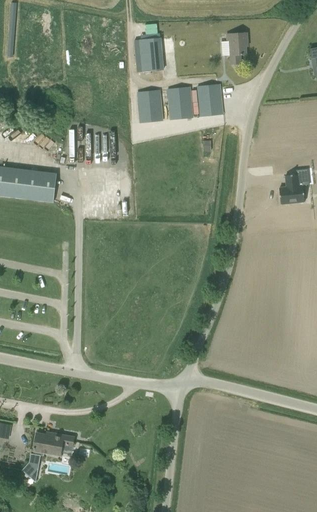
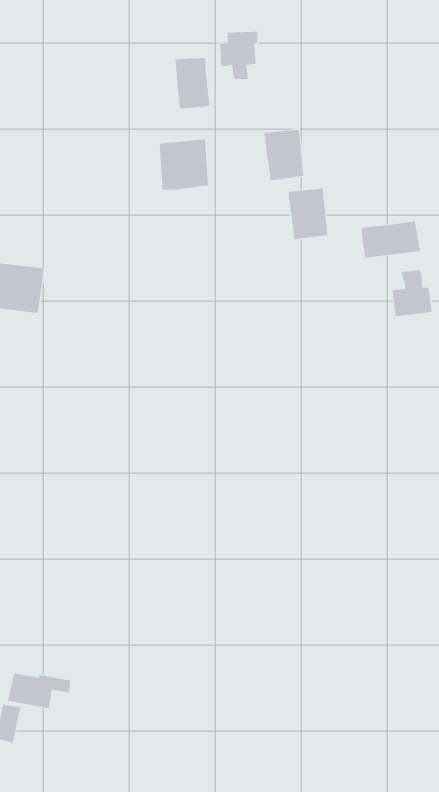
building: [221,33,246,64] -> [219,31,258,79]
building: [166,87,192,120] -> [287,188,328,240]
building: none -> [361,220,420,258]

